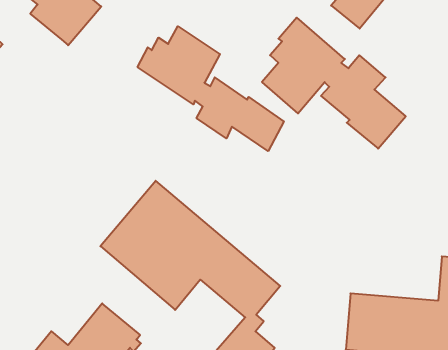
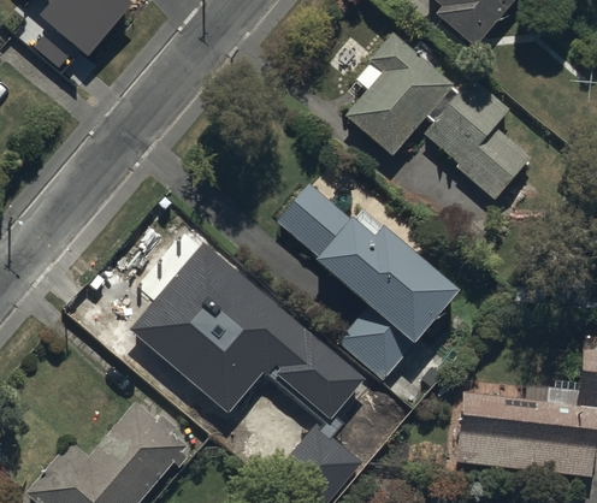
building: [138,26,284,151] -> none
building: none -> [276,183,456,383]

